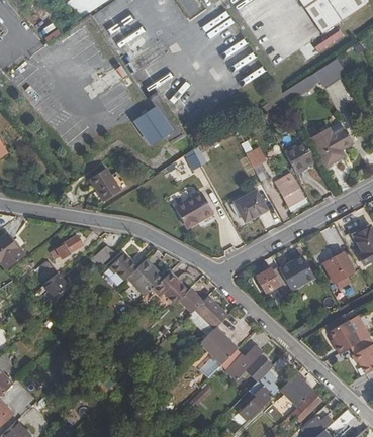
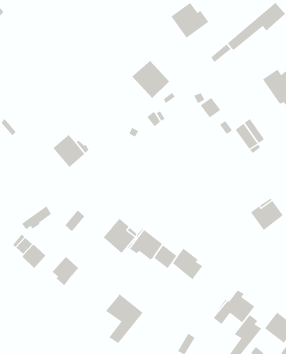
building: [133,105,172,144] -> [131,60,170,99]
building: [281,141,312,173] -> none
building: [175,189,214,226] -> none
building: [236,190,268,221] -> none
building: [110,251,138,282] -> [52,256,79,286]
building: [256,265,287,292] -> none
building: [199,328,238,379] -> [105,293,143,344]

